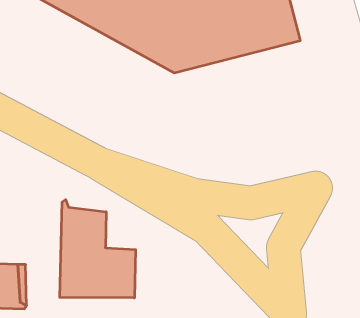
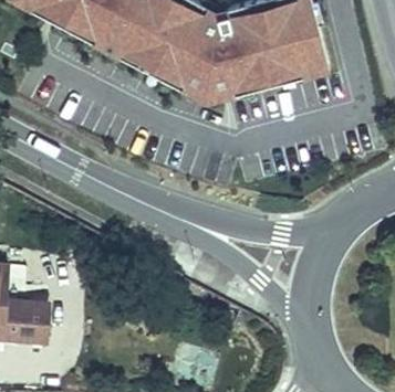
building: [60,200,136,298] -> none

